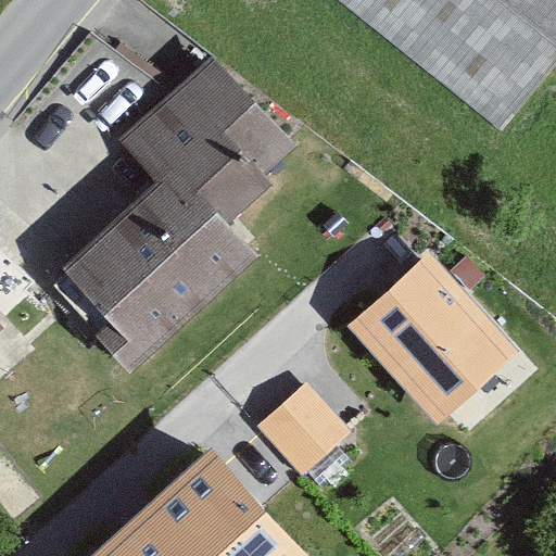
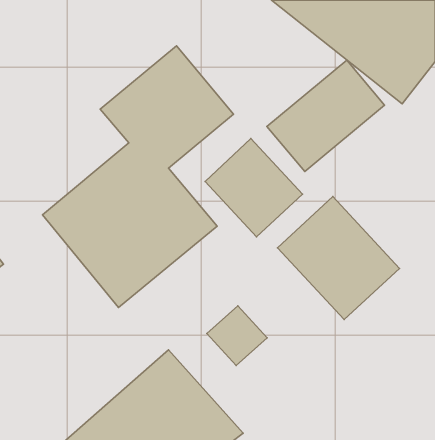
building: none -> [267,60,385,172]
building: none -> [205,139,302,237]

